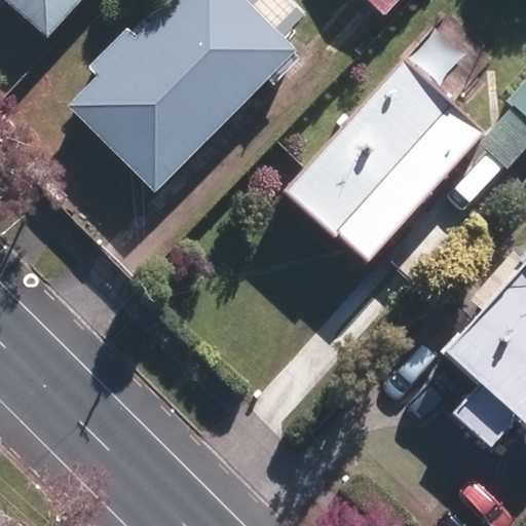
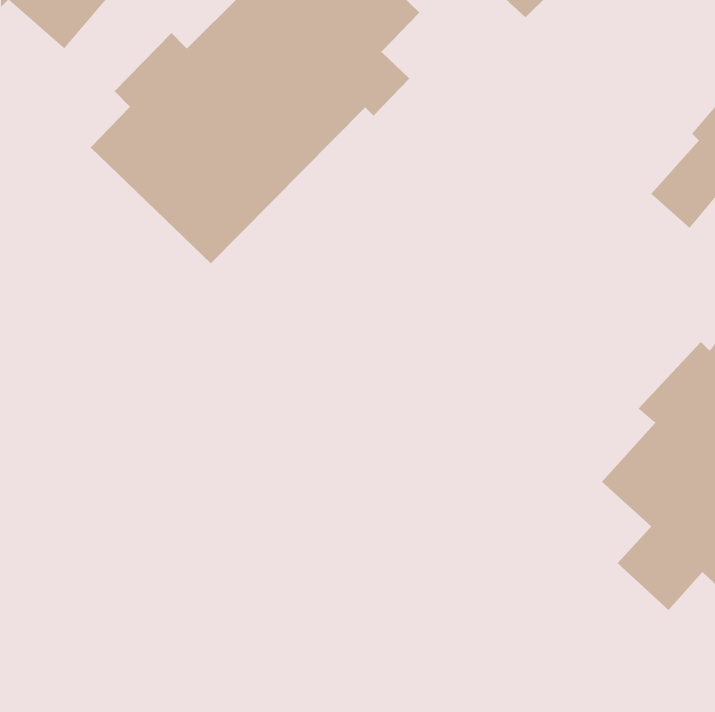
building: [283,61,483,260] -> none

